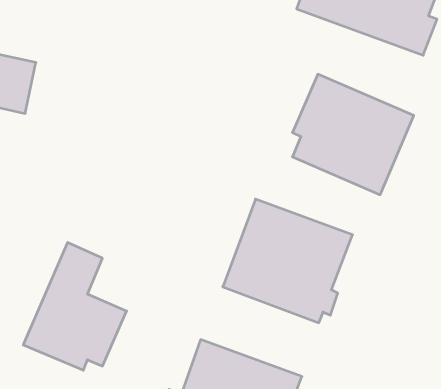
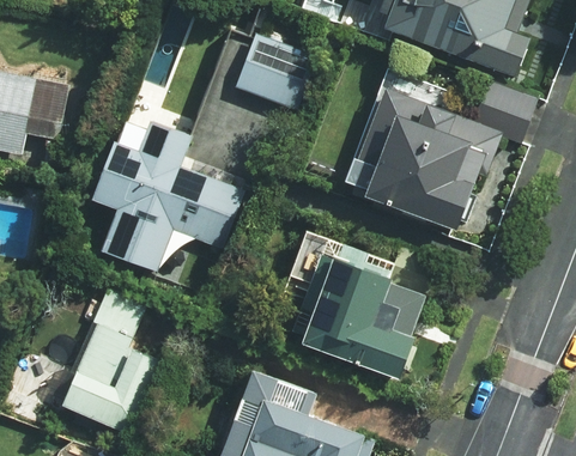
building: none -> [234,31,315,108]
building: none -> [84,120,242,270]

